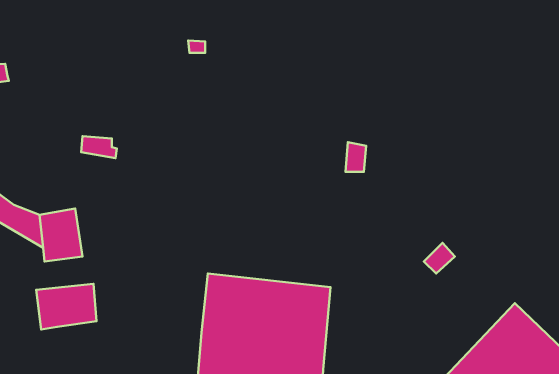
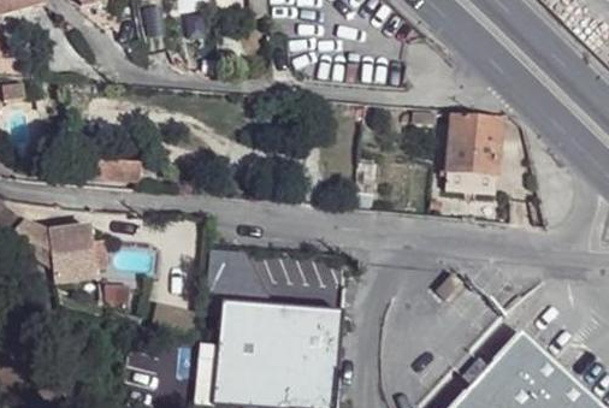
building: none -> [445,125,498,202]
building: [36,284,97,329] -> none

